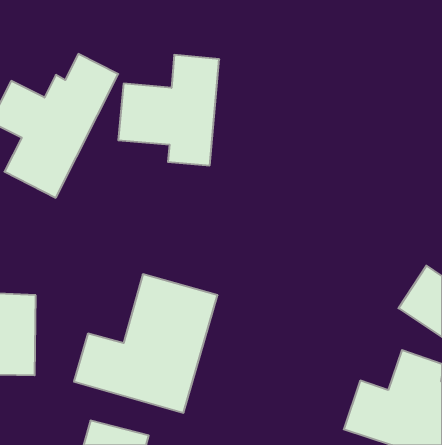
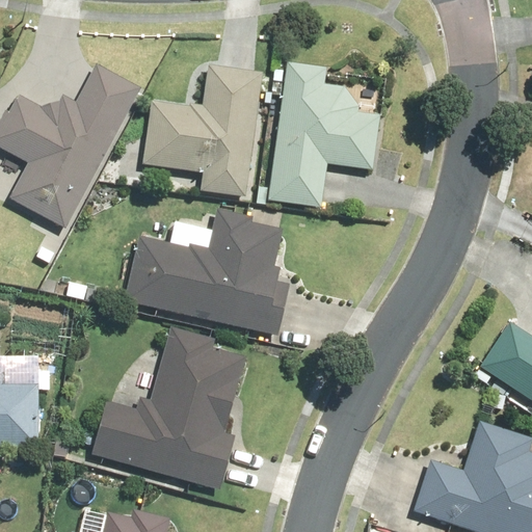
building: none -> [267,61,381,208]
building: none -> [122,214,295,336]

